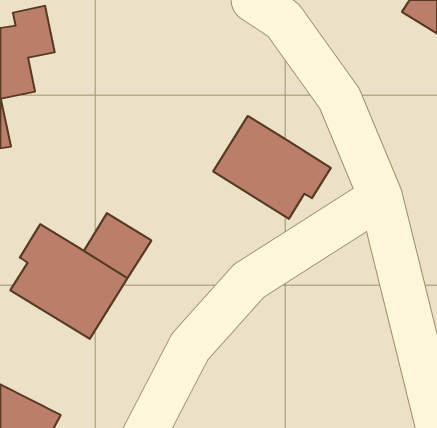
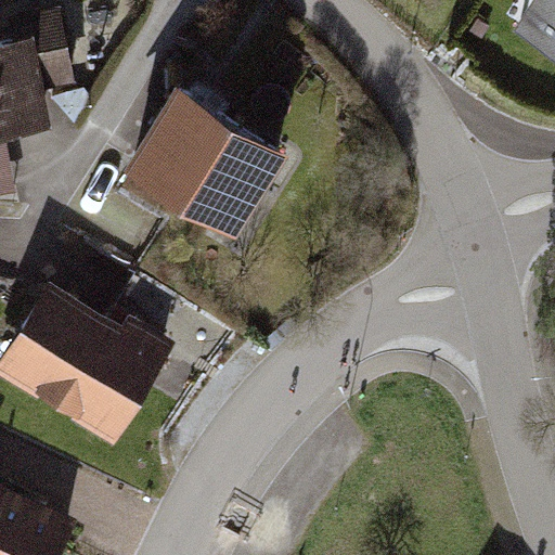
building: none -> [125,93,271,231]
building: [213,116,331,219] -> none

